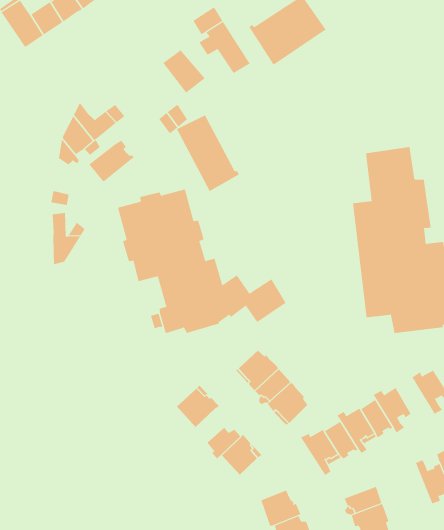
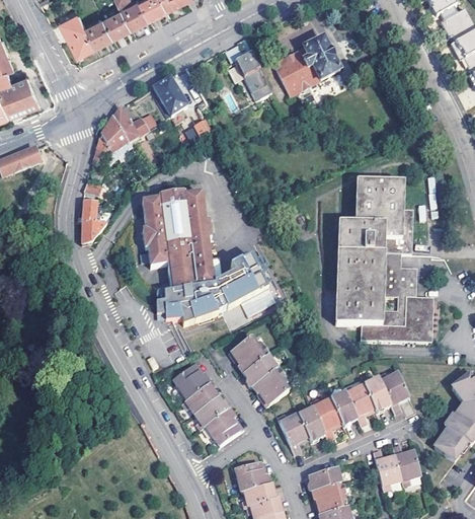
building: [162,49,205,93] -> [153,77,188,116]
building: [176,115,239,192] -> none
building: [89,140,134,183] -> none
building: none -> [234,254,267,289]
building: none -> [364,379,390,413]
building: none -> [182,385,212,414]

